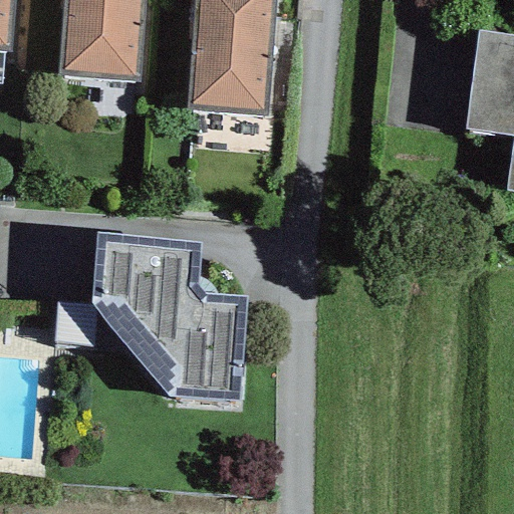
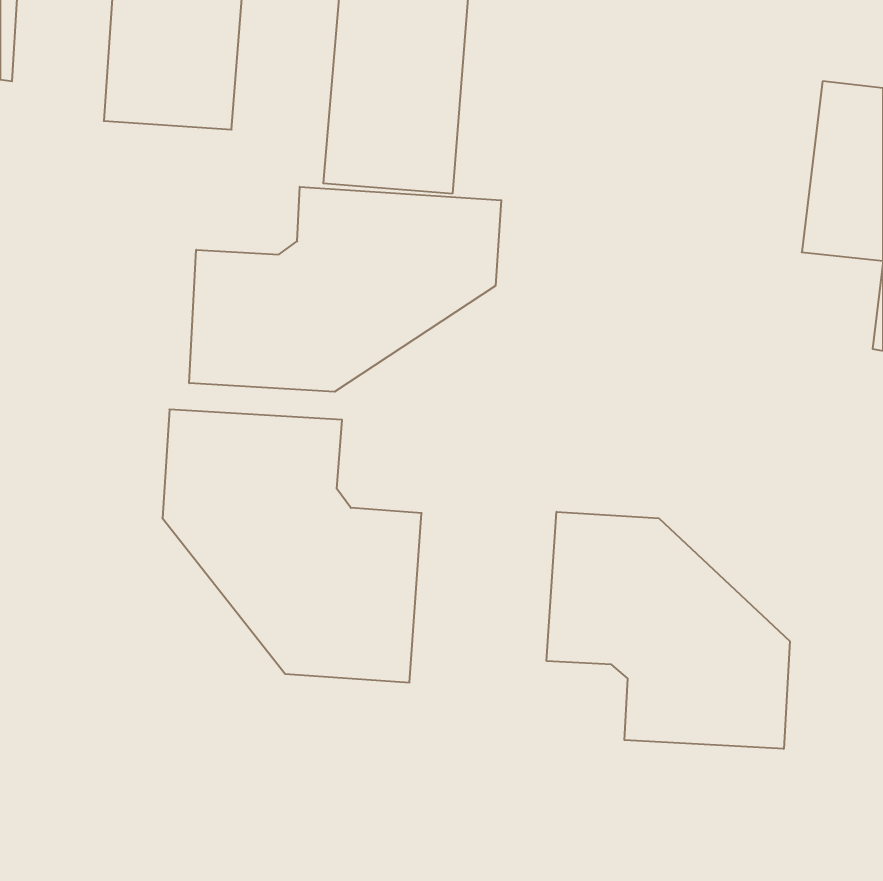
building: none -> [189,187,501,392]
building: none -> [547,512,790,749]

